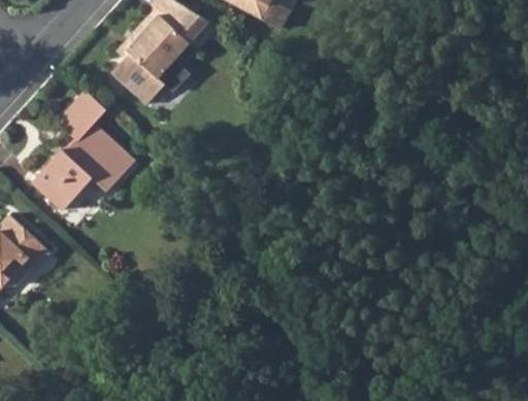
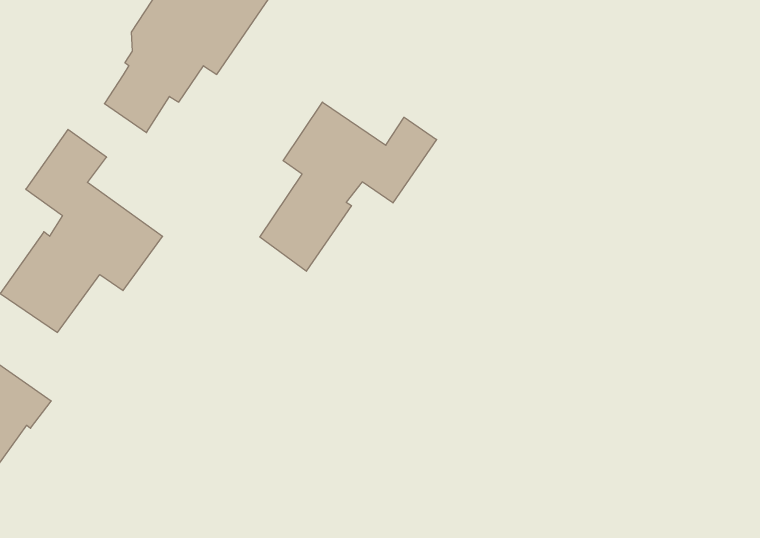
building: none -> [260,102,437,271]

